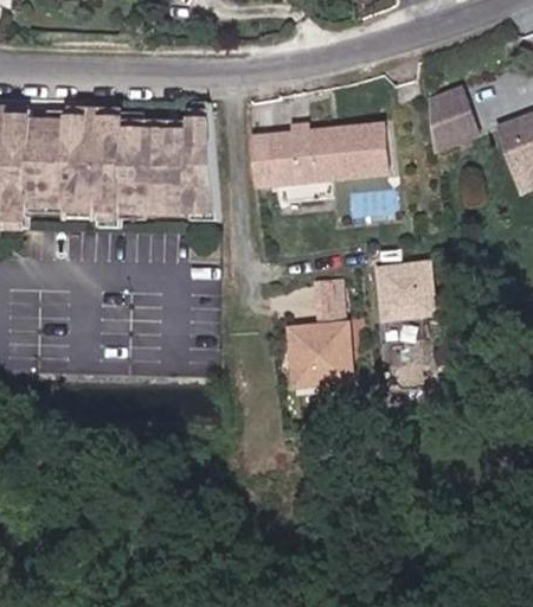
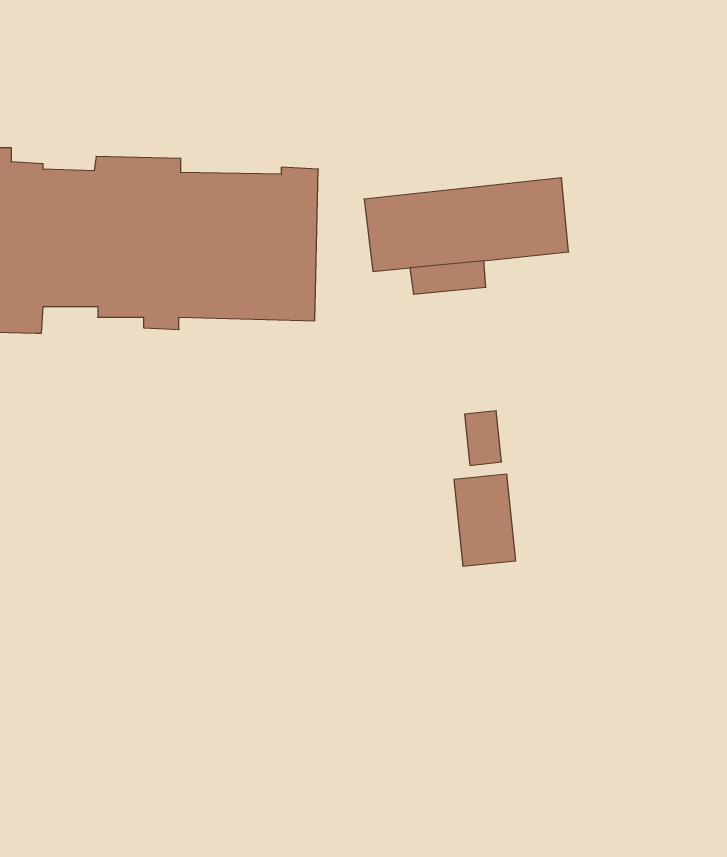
building: [428,85,479,149] -> none
building: [377,260,436,319] -> none
building: [288,325,317,385] -> none

